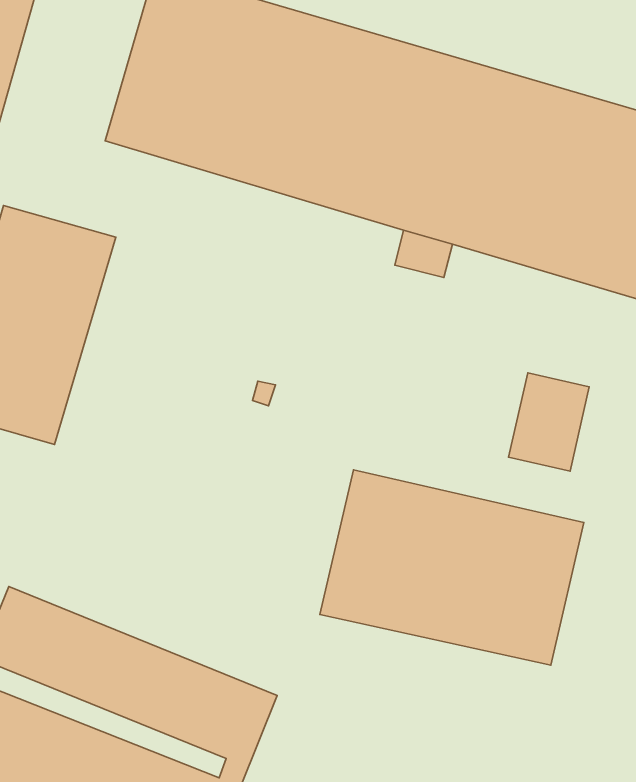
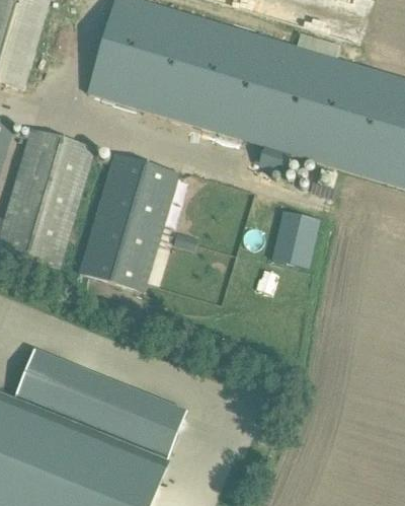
building: none -> [78,154,178,292]
building: [509,373,589,471] -> [271,209,318,266]
building: [320,470,584,665] -> none

